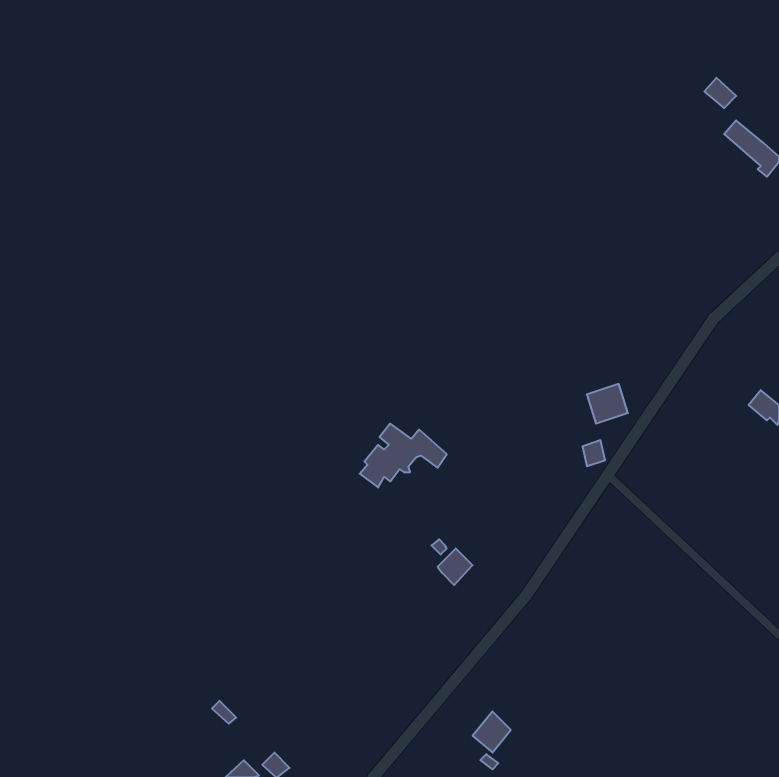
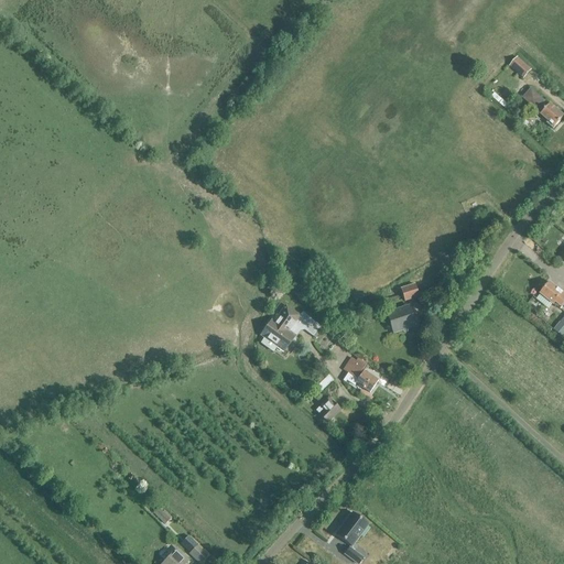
building: [587,384,628,424] -> [387,304,416,333]
building: none -> [343,357,379,391]

